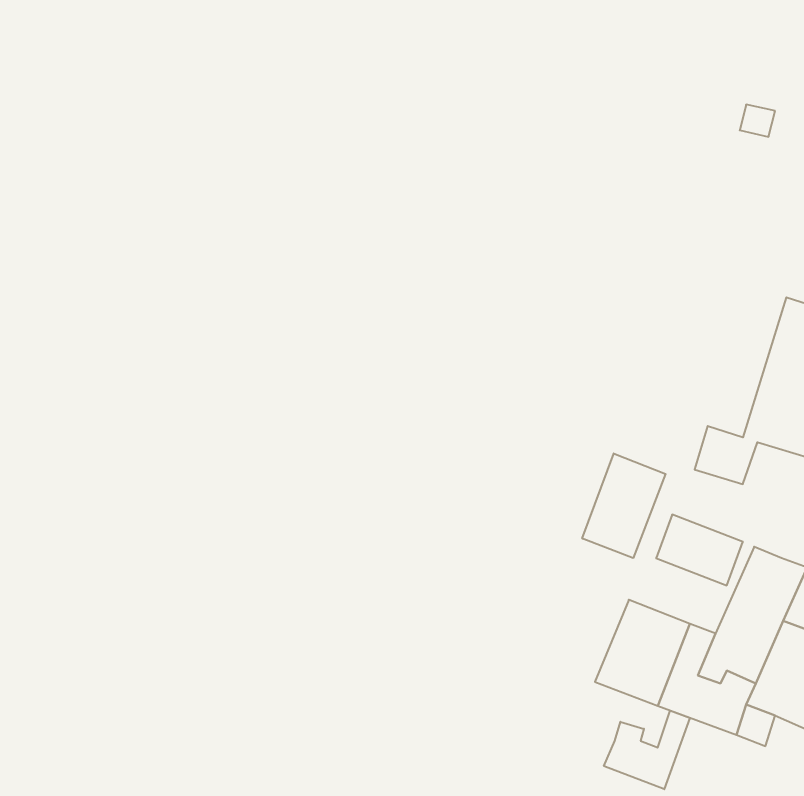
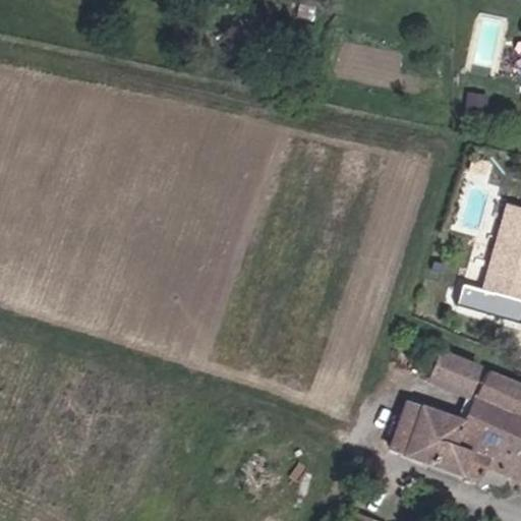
building: [582,453,666,558] -> none
building: [604,711,690,789] -> none

